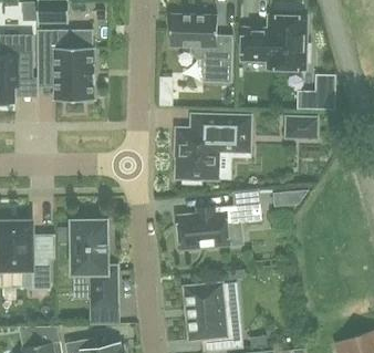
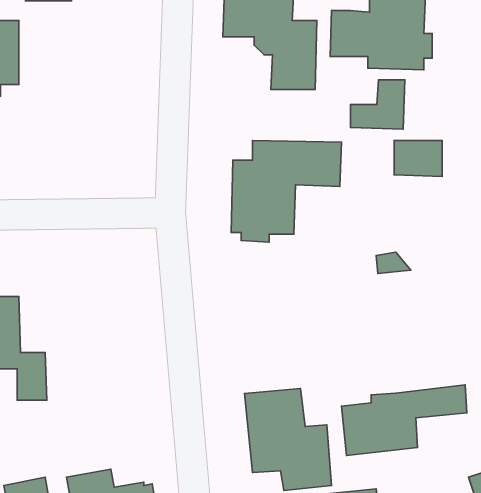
building: [37,29,95,101] -> none
building: [298,75,334,108] -> [350,80,405,129]
building: [177,201,261,249] -> [342,385,467,456]
building: [71,219,116,308] -> none

